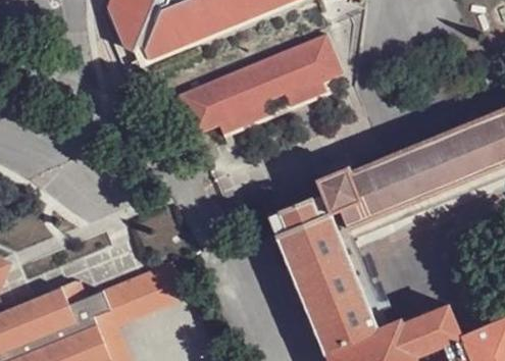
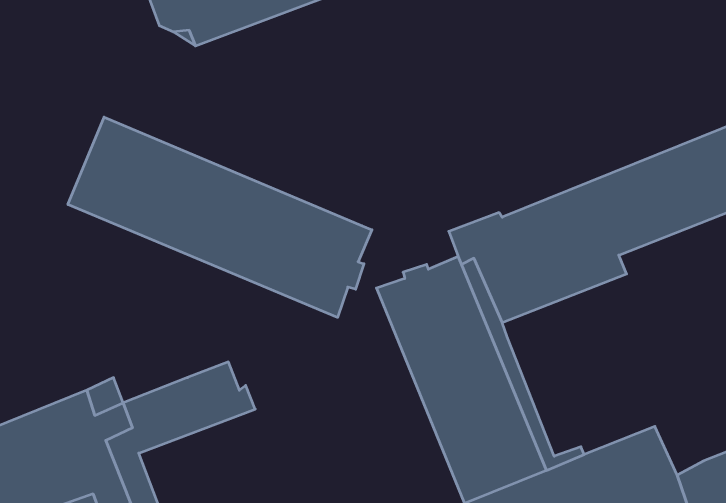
building: [182,35,339,135] -> none
building: none -> [68,117,372,317]

